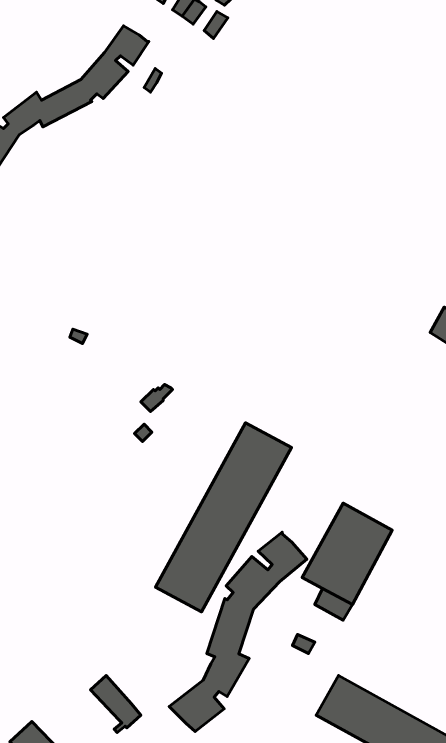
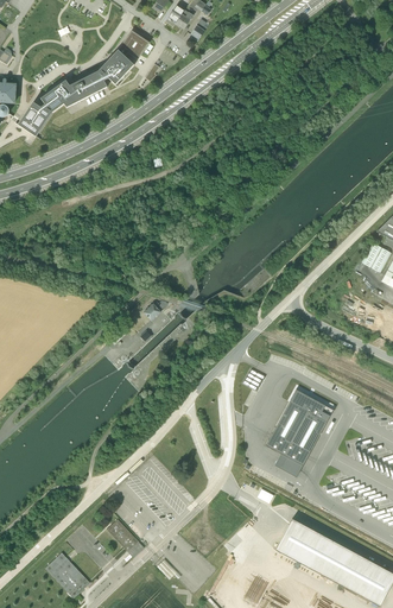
building: [155,423,291,612] -> none
building: [169,532,307,731] -> none

